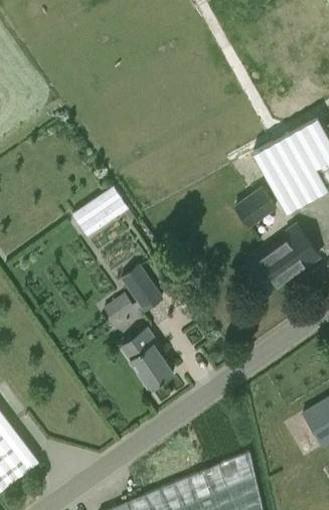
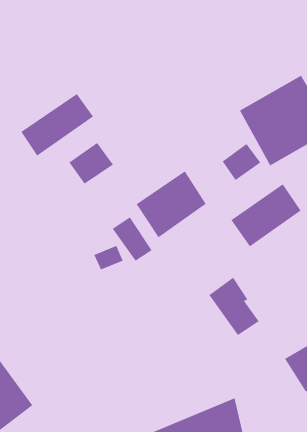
building: none -> [21,93,94,156]
building: none -> [136,170,207,238]
building: [120,329,173,390] -> [209,277,260,336]

